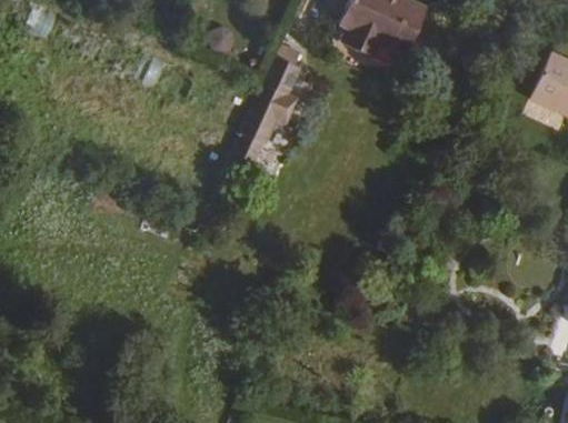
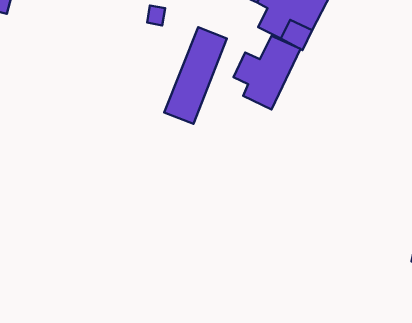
building: none -> [233,36,300,110]

